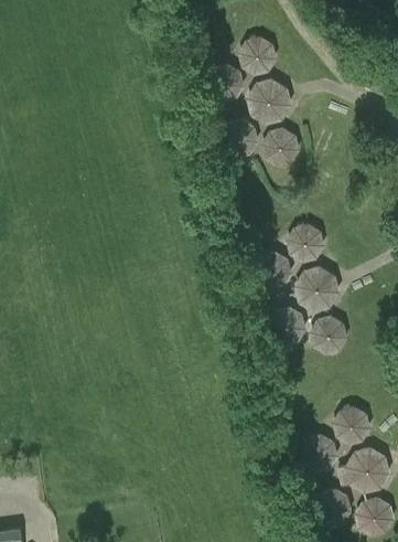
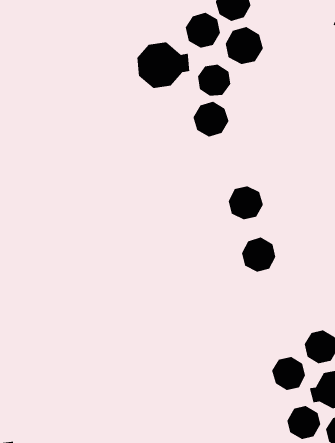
building: none -> [137,41,190,89]
building: [261,127,301,167] -> [193,101,229,138]
building: [287,222,325,261] -> none
building: [294,268,338,311] -> none
building: [310,316,347,354] -> none

